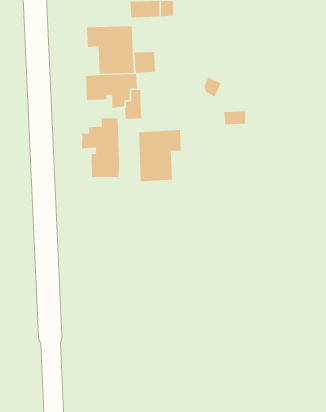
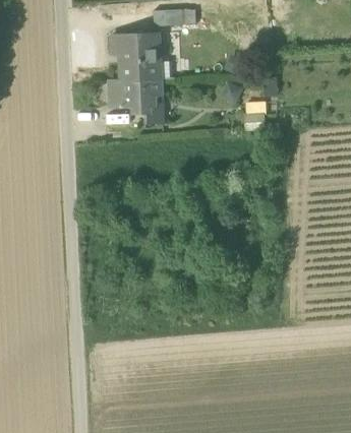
building: [81,117,120,178] -> none
building: [138,129,181,182] -> none

